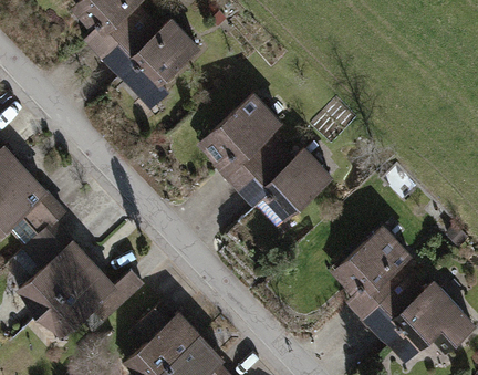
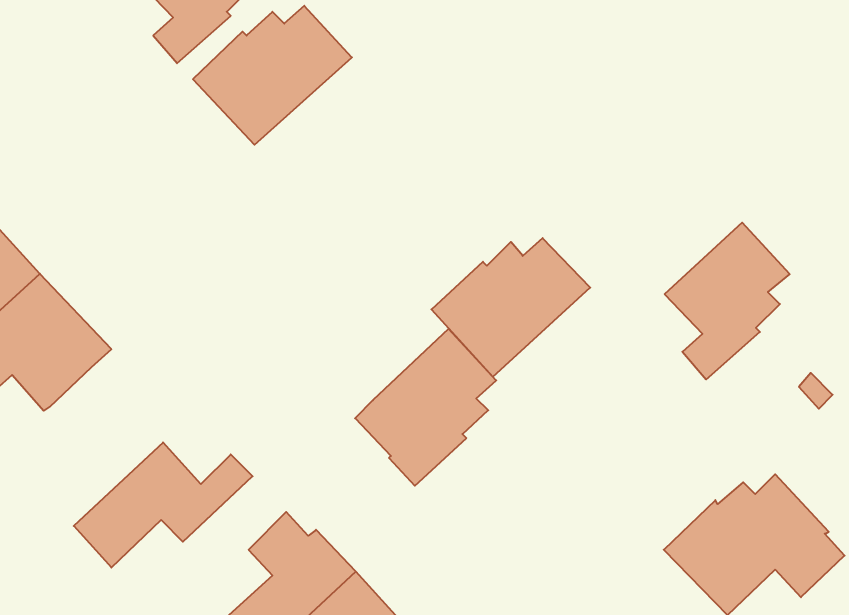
building: [201,95,280,183] -> [355,329,496,486]
building: [22,222,93,311] -> none
building: [340,228,409,315] -> [665,223,790,379]

